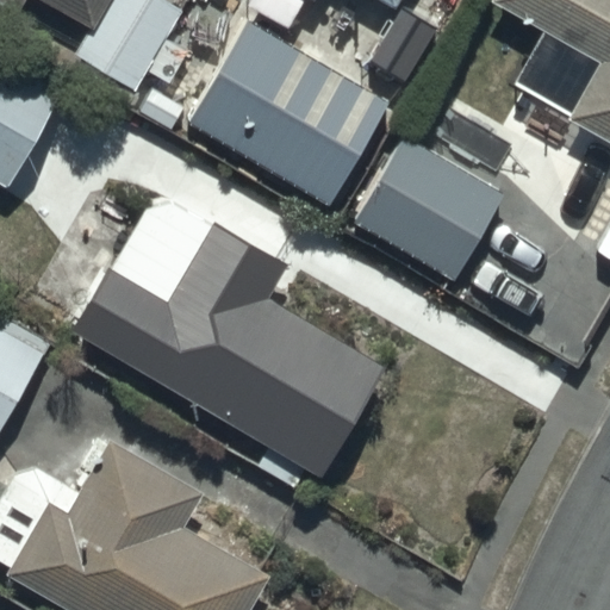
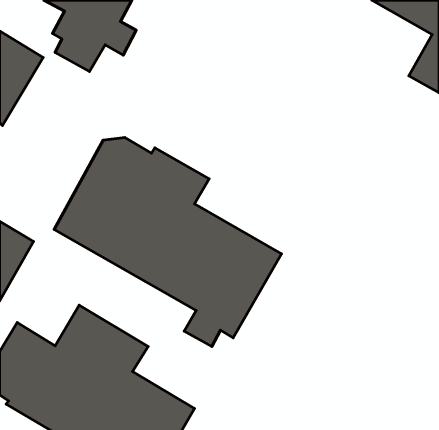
building: [186,19,391,207] -> none
building: [351,141,503,286] -> none

